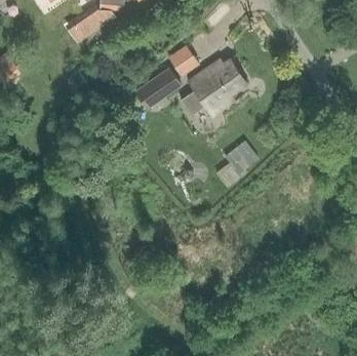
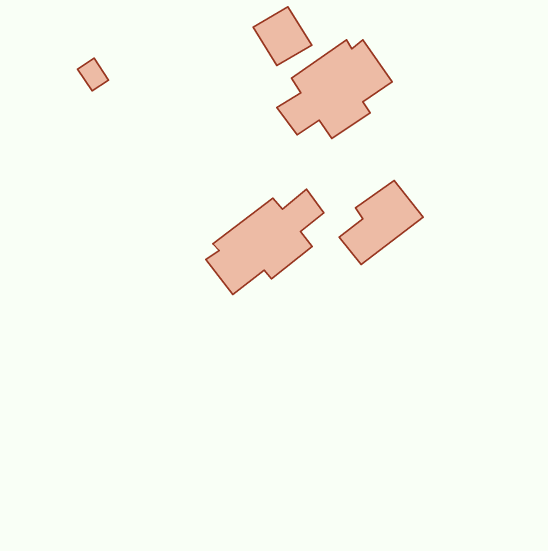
building: [136,67,182,107] -> none
building: none -> [206,189,324,295]

